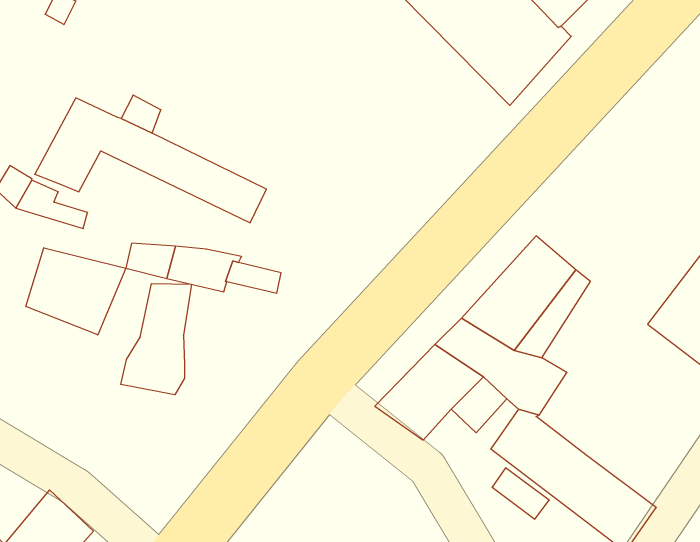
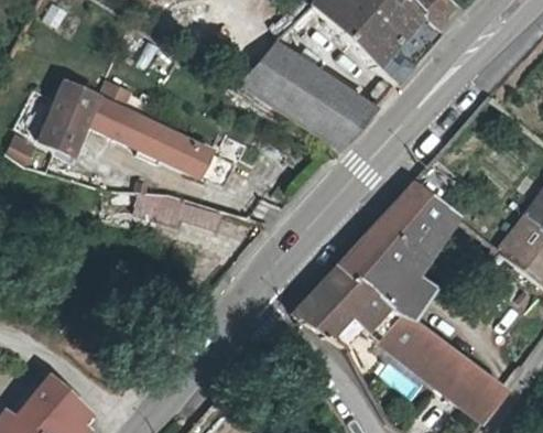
building: none -> [241,41,374,148]
building: [26,248,126,335] -> none
building: [121,284,191,395] -> none

